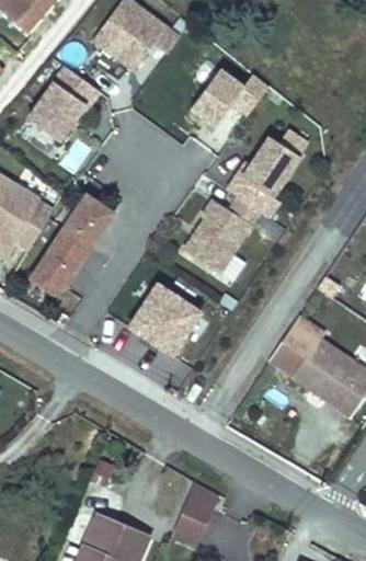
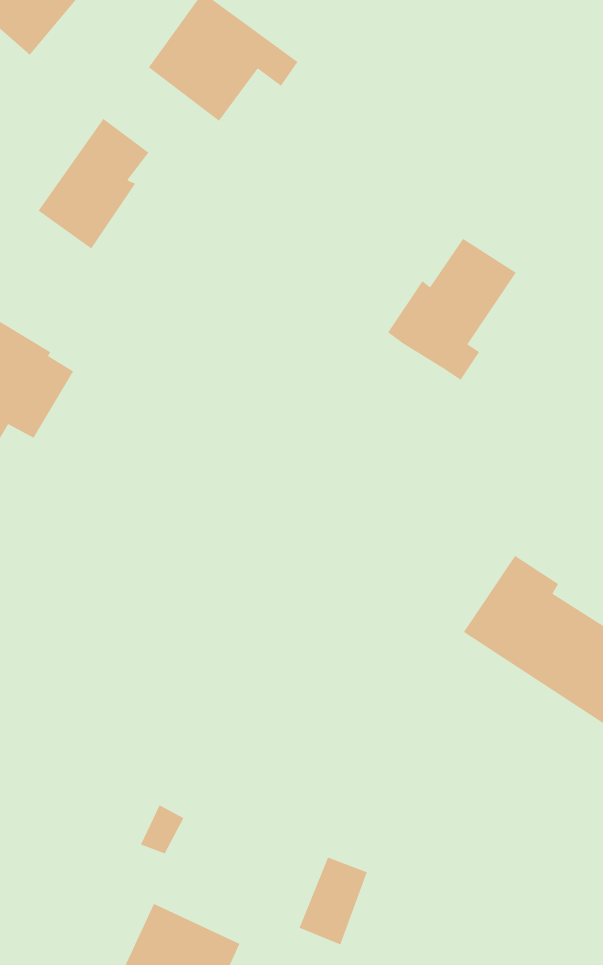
building: [191,72,267,129] -> none
building: [30,195,113,295] -> none
building: [184,197,260,274] -> none
building: [128,285,198,355] -> none

